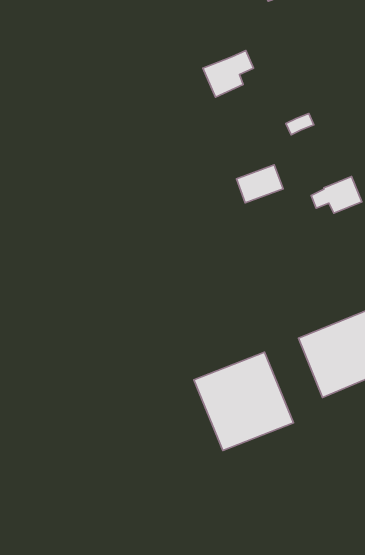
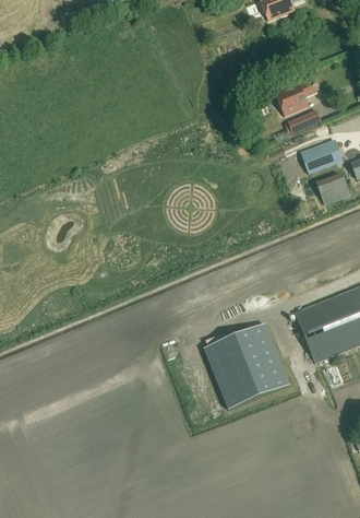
building: [203,51,253,97] -> [274,75,317,116]
building: [236,165,283,203] -> [302,140,343,173]

